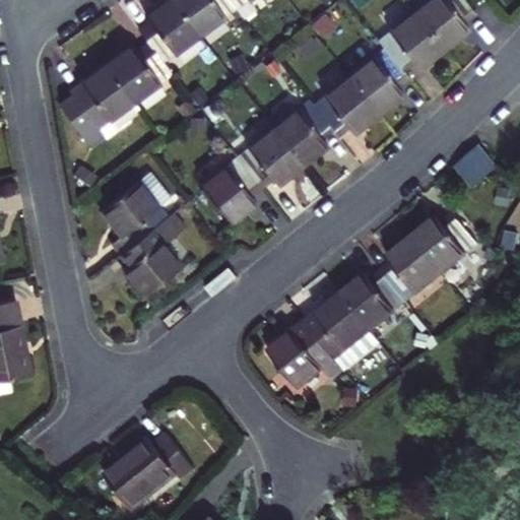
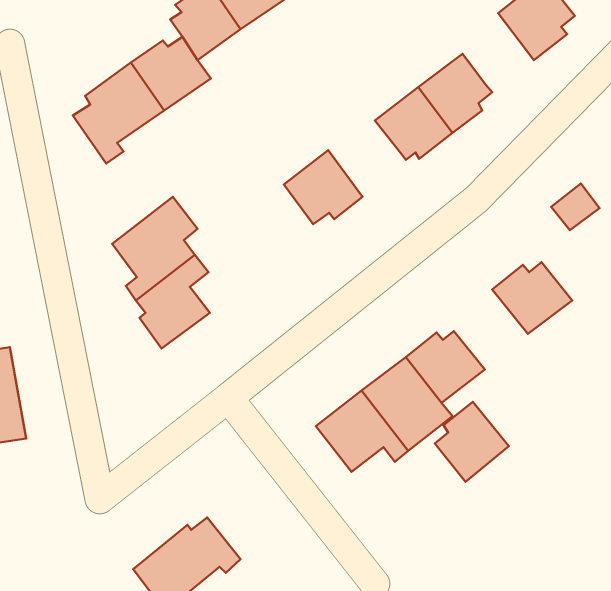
building: [378,15,443,74] -> none
building: [273,101,335,167] -> none
building: [200,156,261,222] -> none
building: [377,243,438,309] -> [435,402,509,482]

